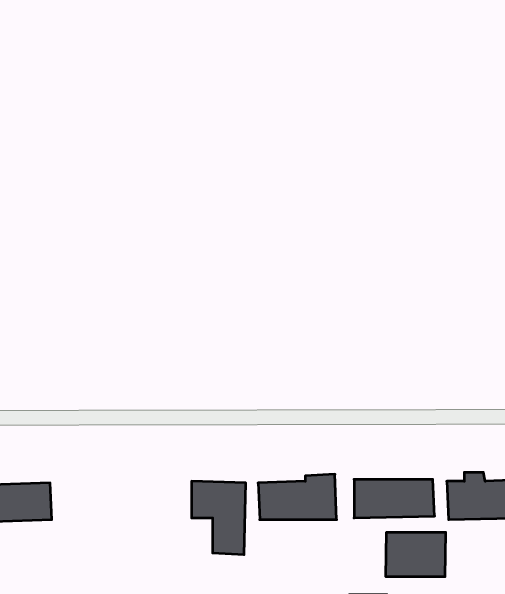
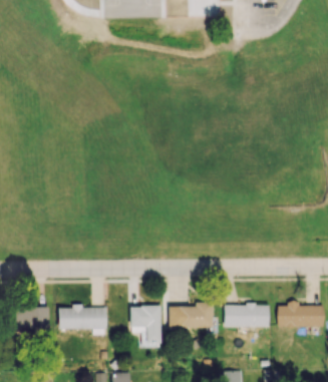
building: none -> [58,306,106,335]
building: [386,532,446,577] -> none

